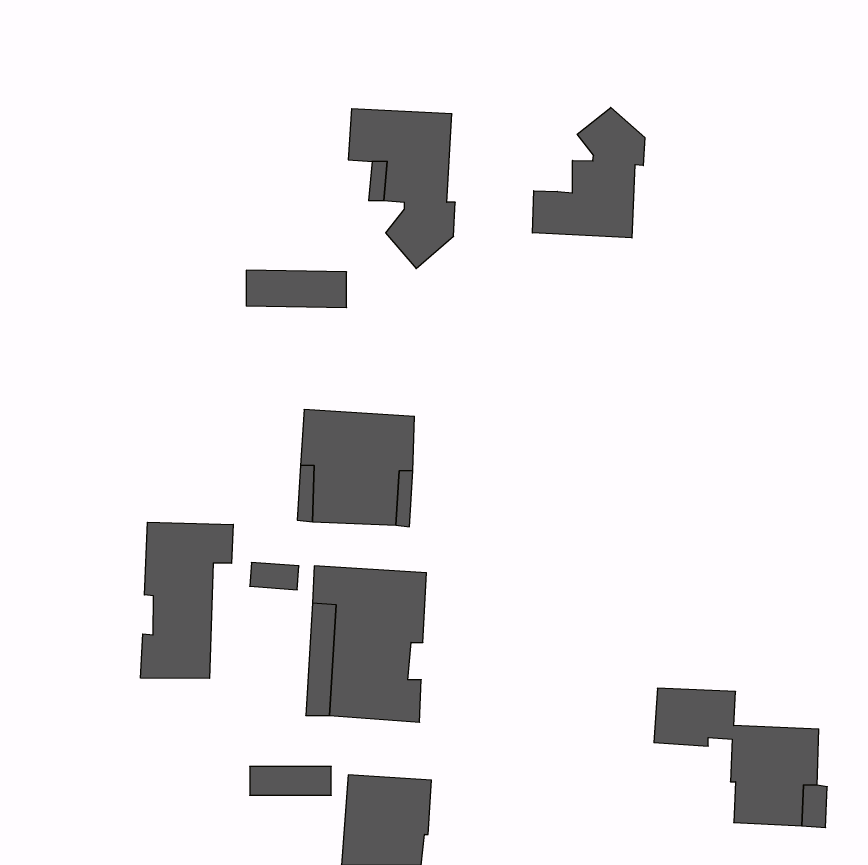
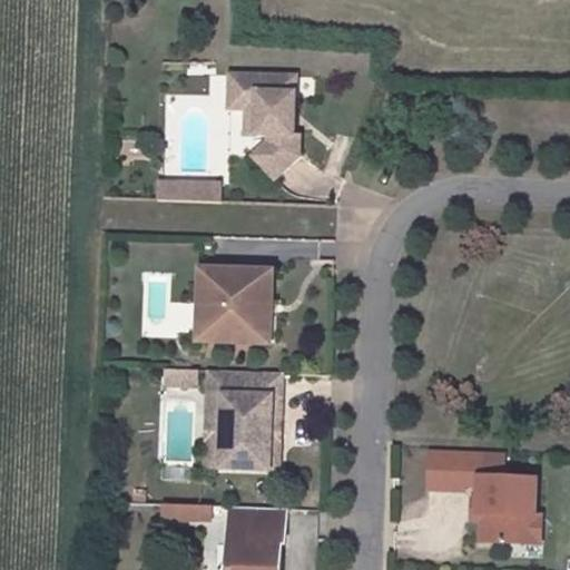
building: [532,107,645,238] -> none
building: [141,522,233,678] -> none

